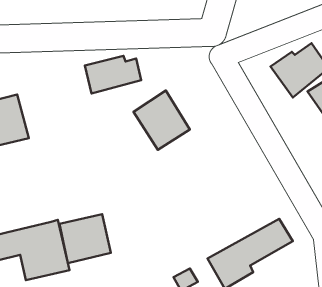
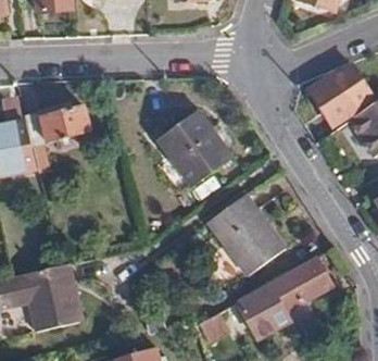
building: [85,56,141,94] -> [25,103,88,146]
building: none -> [206,191,282,273]
building: [60,214,111,263] -> none

